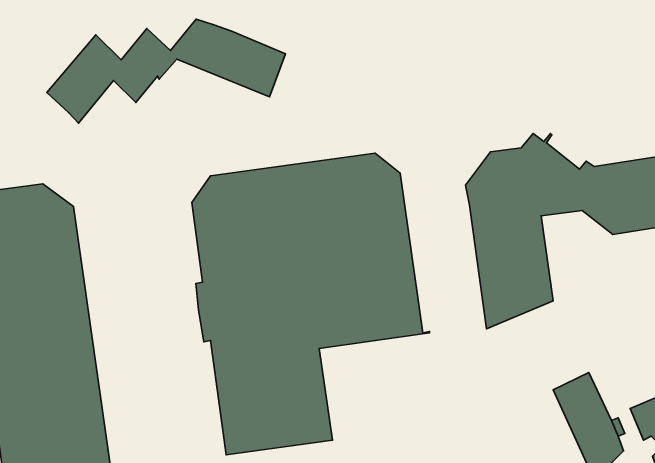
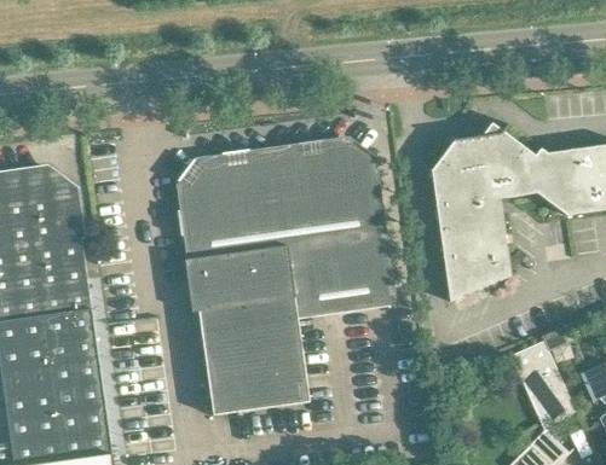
building: [47,19,285,123] -> none

